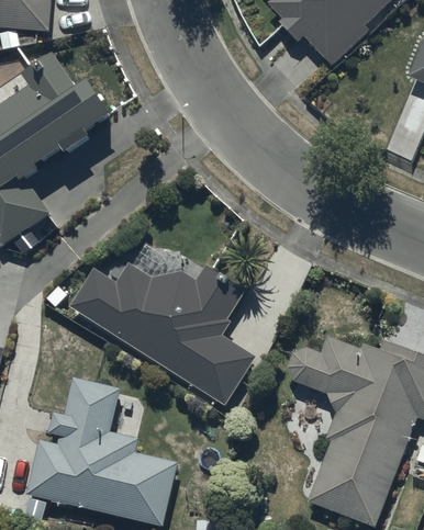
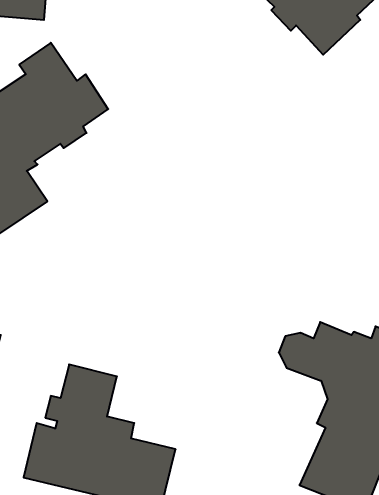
building: [71,262,256,405] -> none

